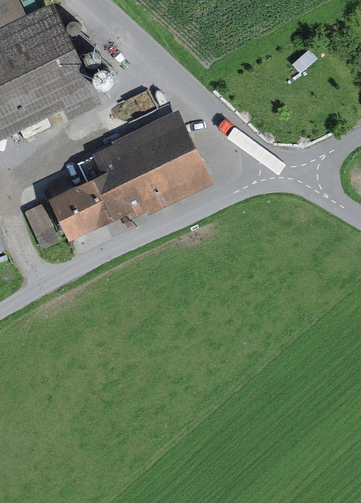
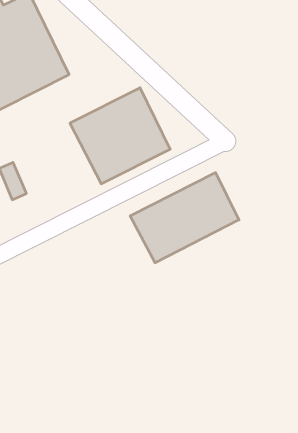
building: [49,180,106,235] -> none
building: none -> [130,173,239,263]

